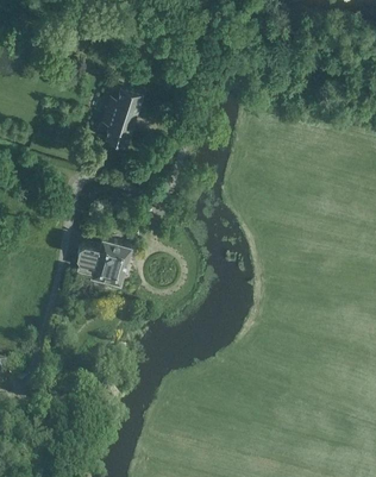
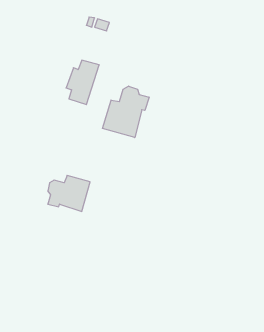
building: none -> [103,86,149,138]

